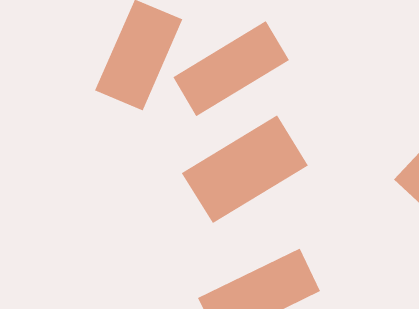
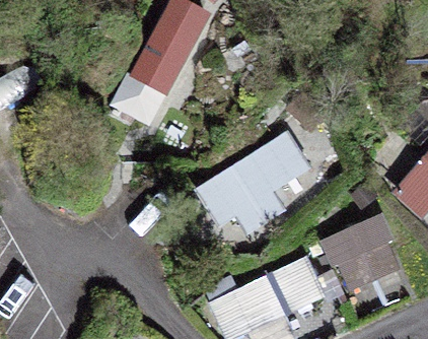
building: [172,20,290,117] -> none
building: none -> [319,214,404,294]

